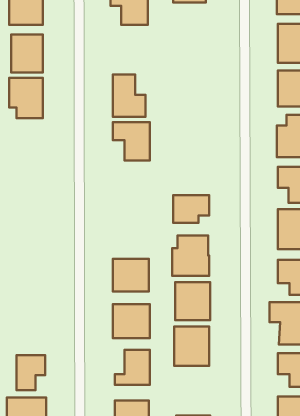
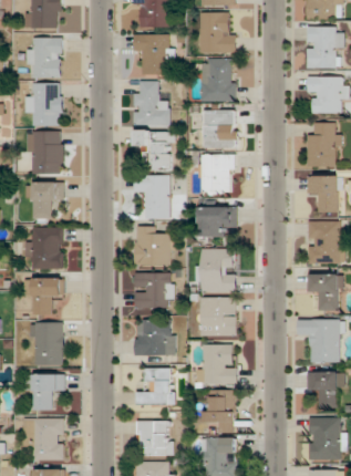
building: none -> [199,13,236,53]
building: none -> [134,34,175,75]
building: none -> [202,59,236,102]
building: none -> [204,110,237,149]
building: none -> [29,132,63,175]
building: none -> [202,155,235,195]
building: none -> [135,175,169,219]
building: none -> [27,183,63,220]
building: none -> [135,227,175,266]
building: none -> [25,228,63,269]
building: none -> [27,279,62,314]
building: none -> [31,323,64,366]
building: none -> [205,390,235,433]

